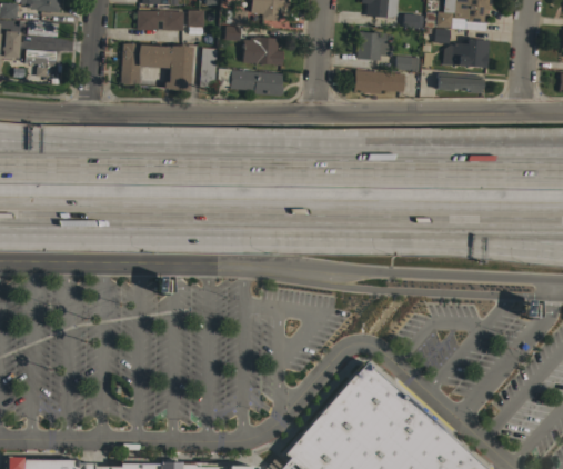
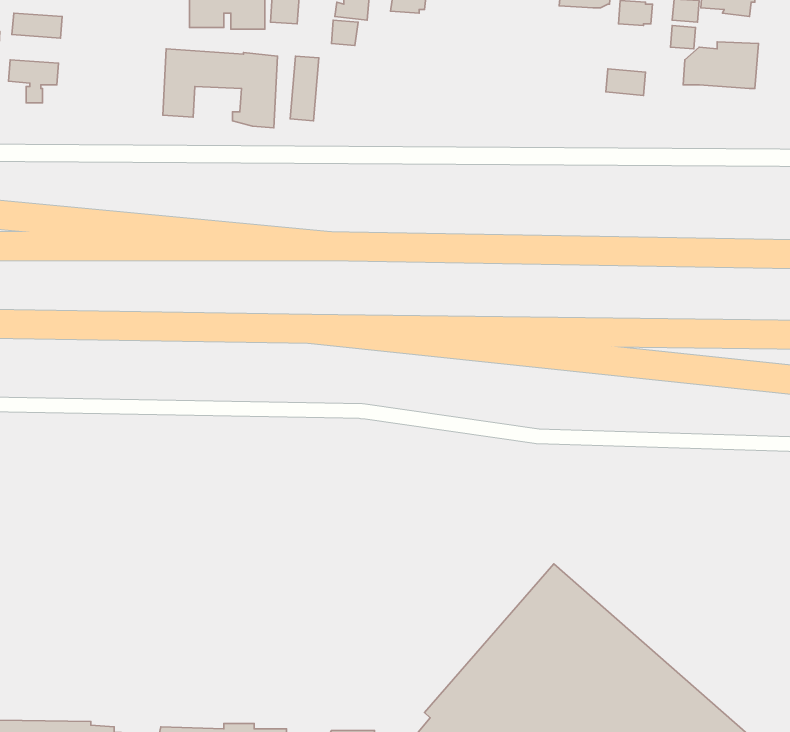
building: [358,30,394,60] -> none
building: [243,36,283,64] -> none
building: [218,67,284,96] -> none
building: [354,69,405,93] -> none
building: [436,72,483,92] -> none

